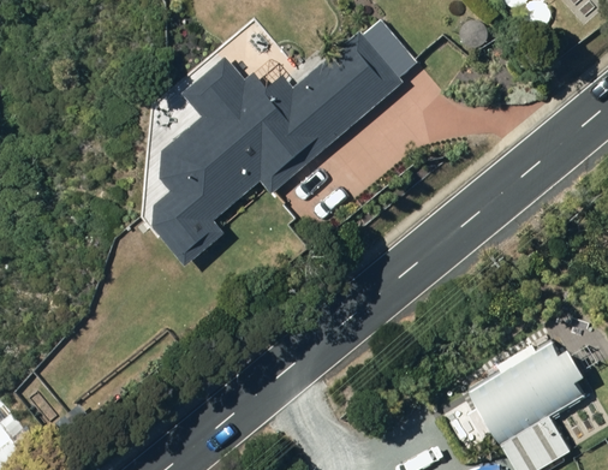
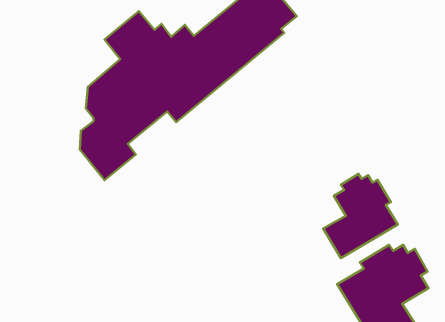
building: none -> [323,174,398,258]

